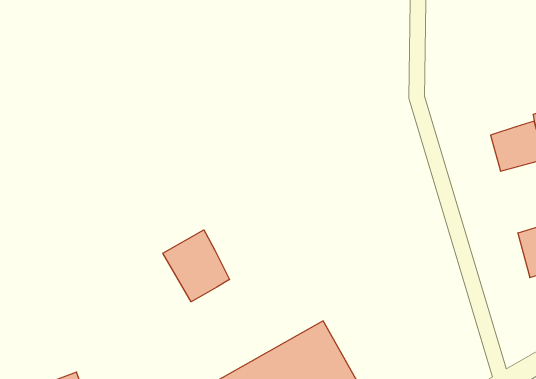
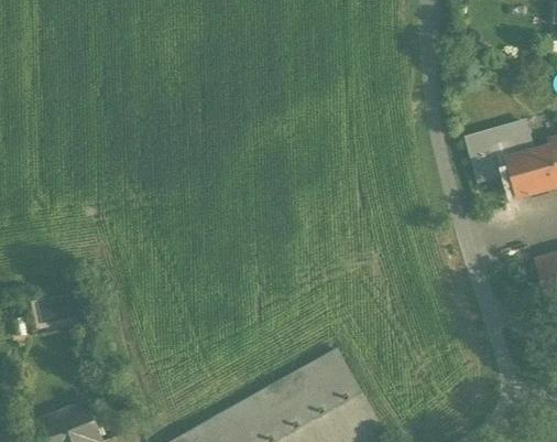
building: none -> [466,120,532,180]
building: [163,230,230,302] -> none

